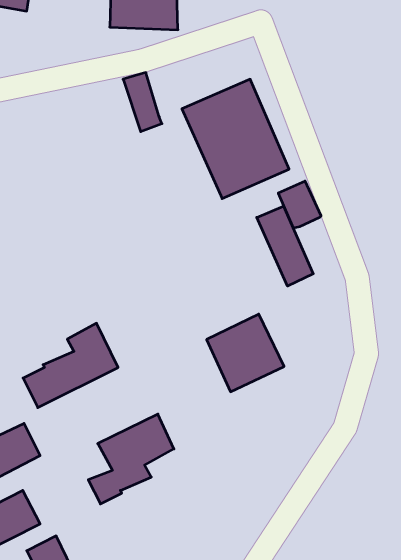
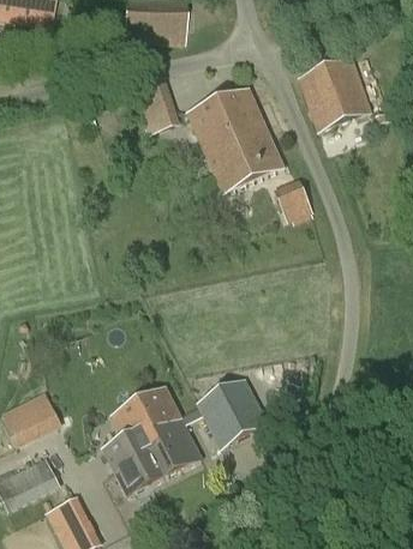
building: none -> [298,58,370,129]
building: [257,206,313,286] -> none
building: [207,314,284,392] -> [197,378,267,447]
building: [23,323,118,408] -> [114,417,199,493]

